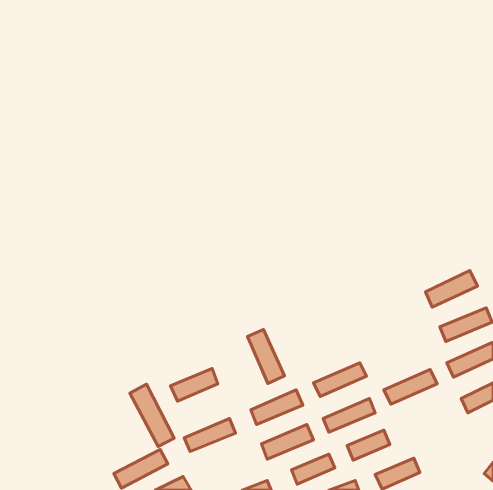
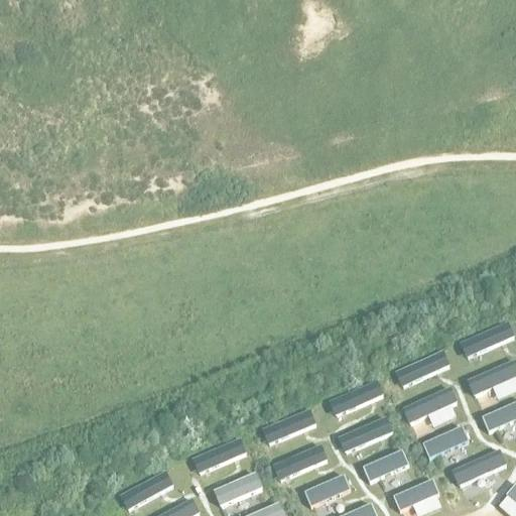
building: [425,271,478,307] -> [395,349,449,387]
building: [248,330,284,384] -> none
building: [171,368,218,401] -> [214,472,263,506]
building: [130,384,174,446] -> none
building: none -> [422,426,467,458]
building: none -> [450,448,506,486]

